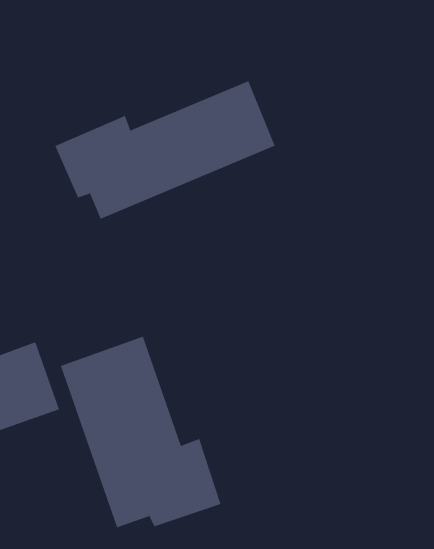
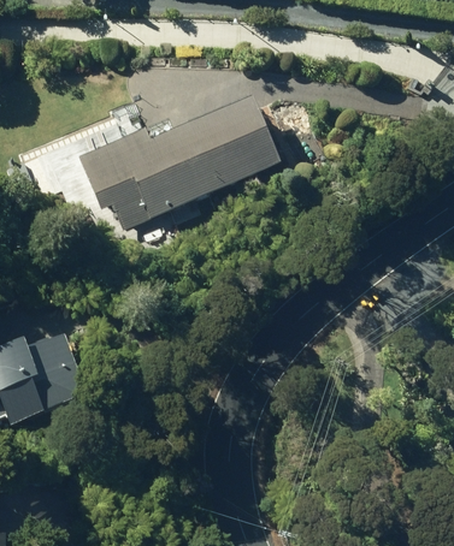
building: [60,336,221,528] -> none

